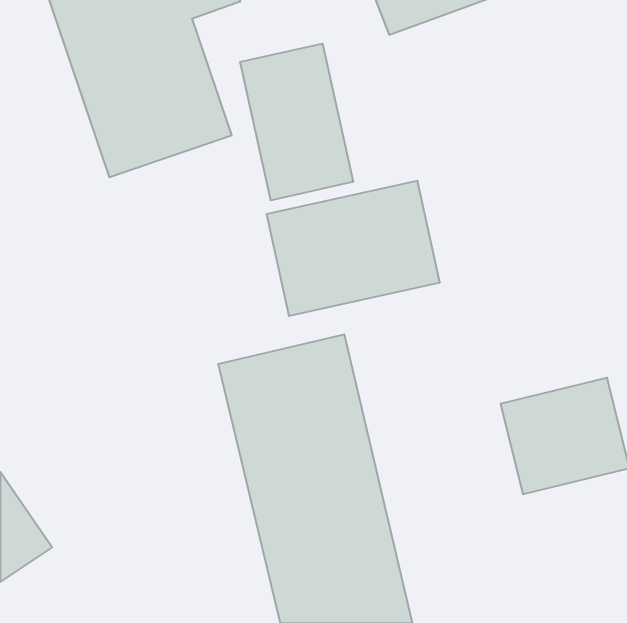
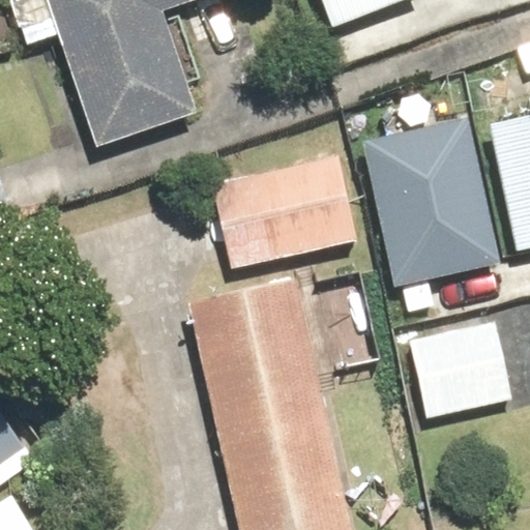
building: [240,44,353,200] -> none
building: none -> [360,116,498,289]

